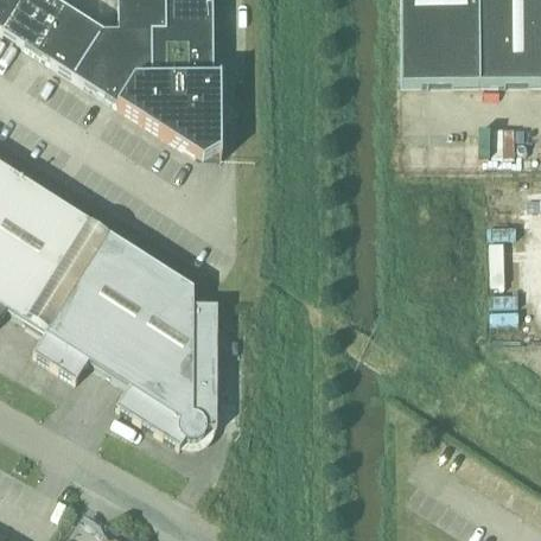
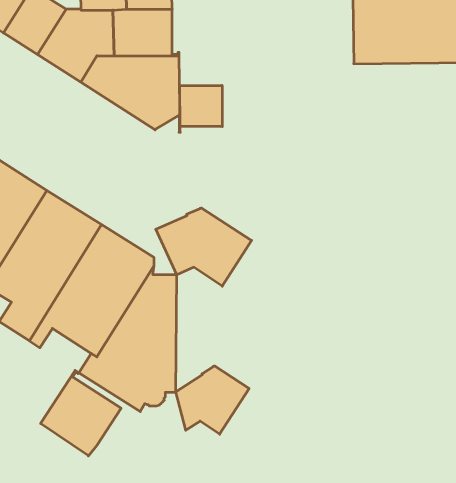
building: none -> [180,85,222,127]
building: none -> [156,208,252,286]
building: none -> [176,366,249,434]
building: none -> [41,370,121,456]

